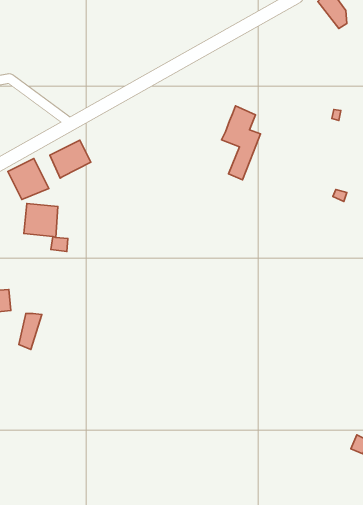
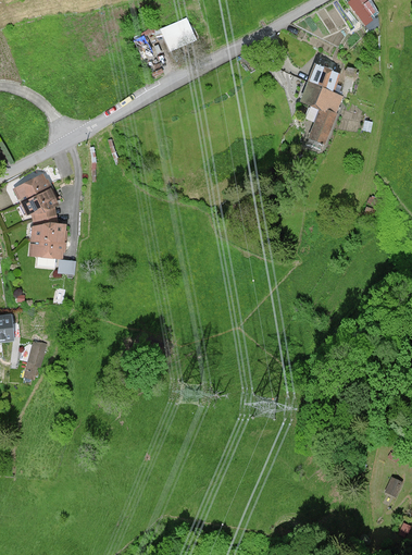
building: [222,106,261,180] -> [301,64,344,145]
building: [50,140,91,178] -> none

